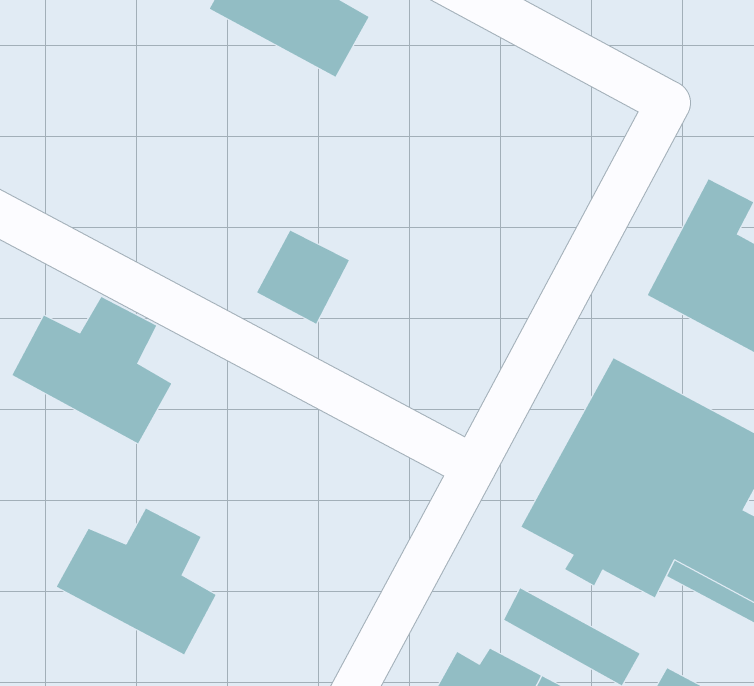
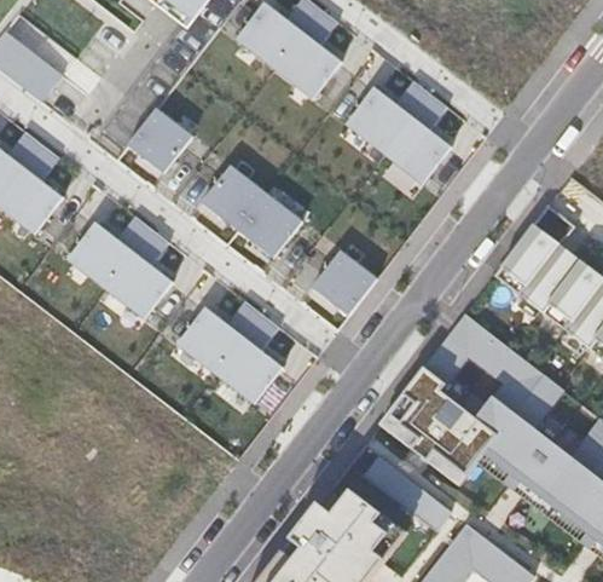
building: none -> [344,83,448,180]
building: none -> [127,110,191,174]
building: none -> [202,166,266,231]
building: none -> [312,250,376,315]
building: [56,508,217,655] -> [178,301,283,403]

